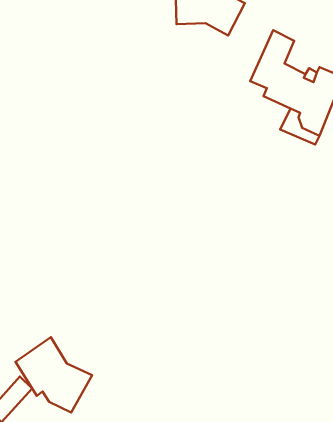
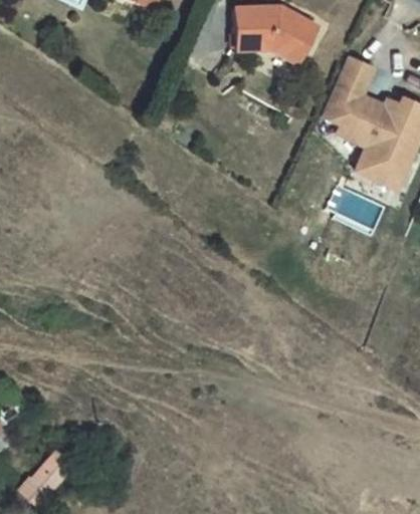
building: [15,337,92,412] -> none

